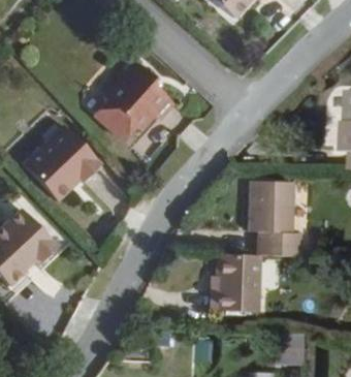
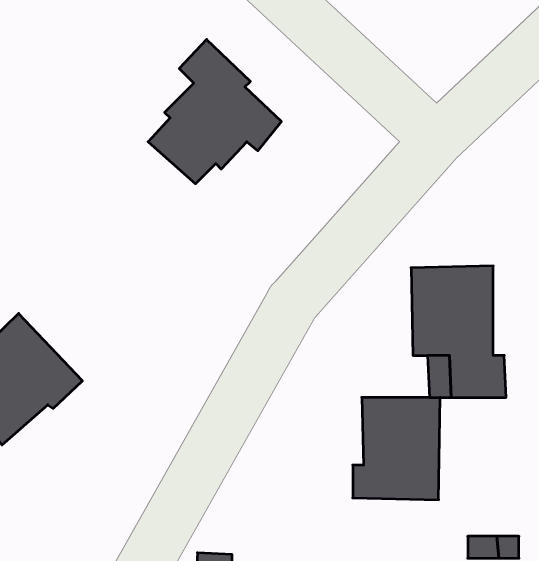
building: [22,123,101,197] -> none

